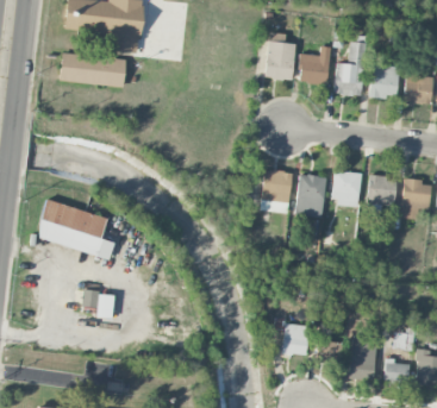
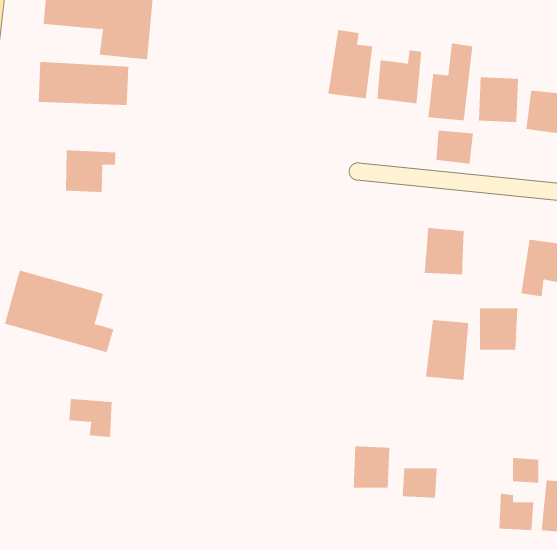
building: none -> [436,130,473,165]
building: none -> [66,150,116,193]
building: [262,169,292,212] -> none
building: [295,174,326,216] -> [425,319,469,380]
building: [369,176,397,206] -> [479,308,518,350]
building: [350,338,377,379] -> none

